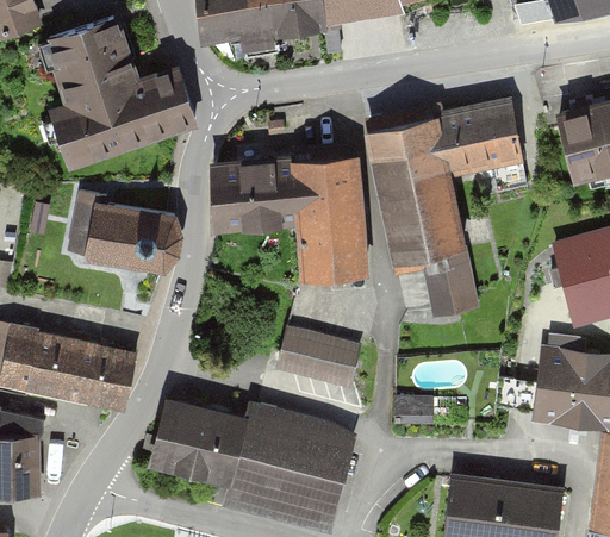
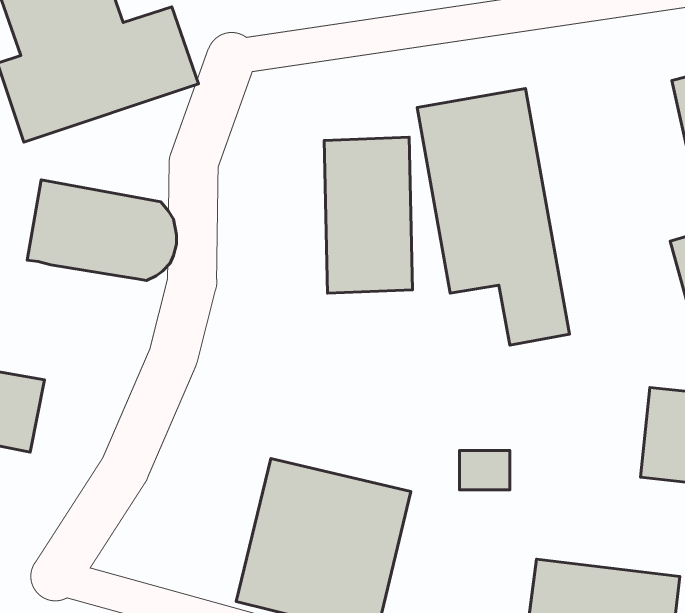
building: [447,100,529,174] -> none
building: [211,168,294,233] -> none
building: [278,324,363,385] -> none
building: [70,342,136,407] -> none
building: [147,398,247,480] -> none

